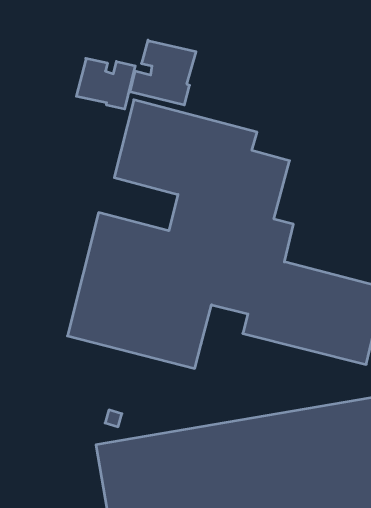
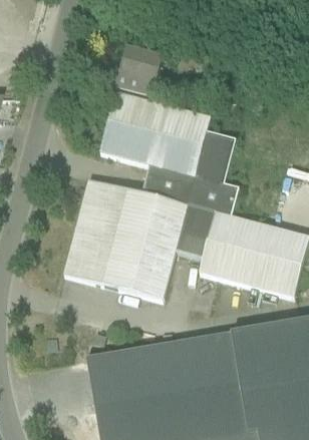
building: [76,58,135,109] -> none

